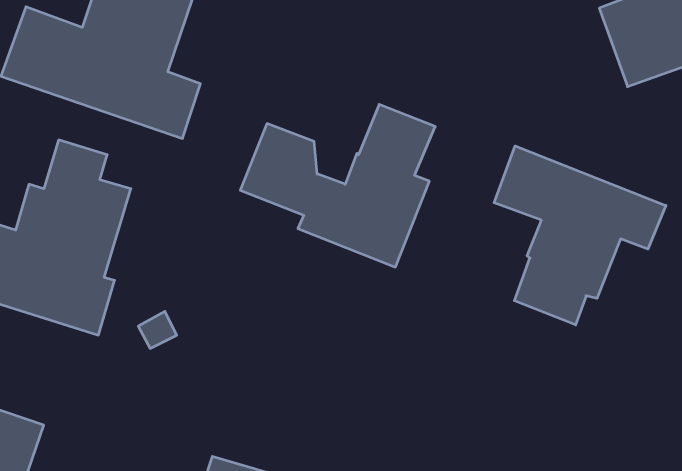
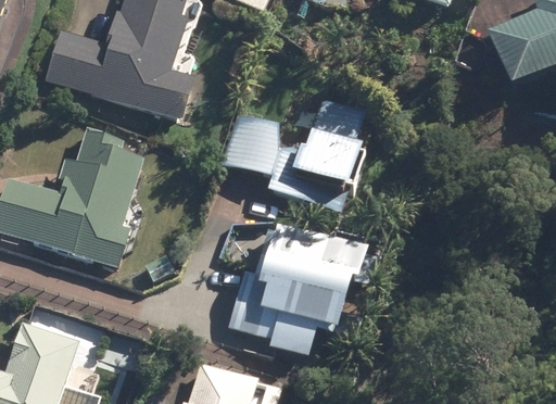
building: [494,146,666,325] -> none
building: none -> [229,230,357,363]

